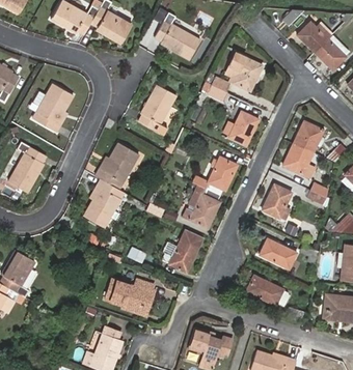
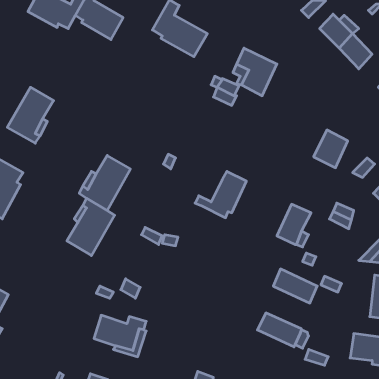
building: [139,84,178,136] -> none
building: [228,110,257,145] -> none
building: [283,143,322,179] -> none
building: [184,184,219,228] -> none
building: [169,229,202,273] -> none

